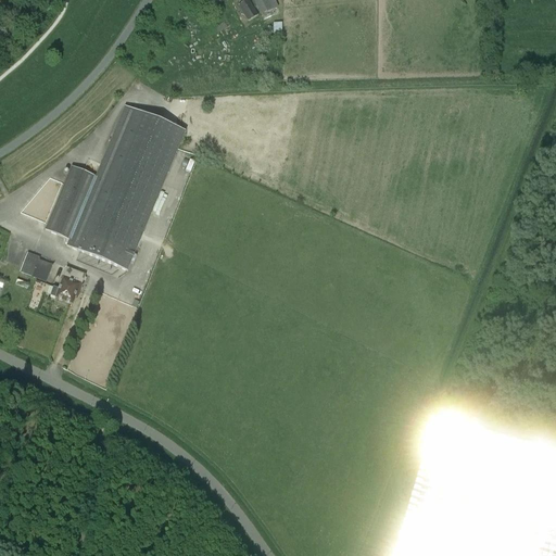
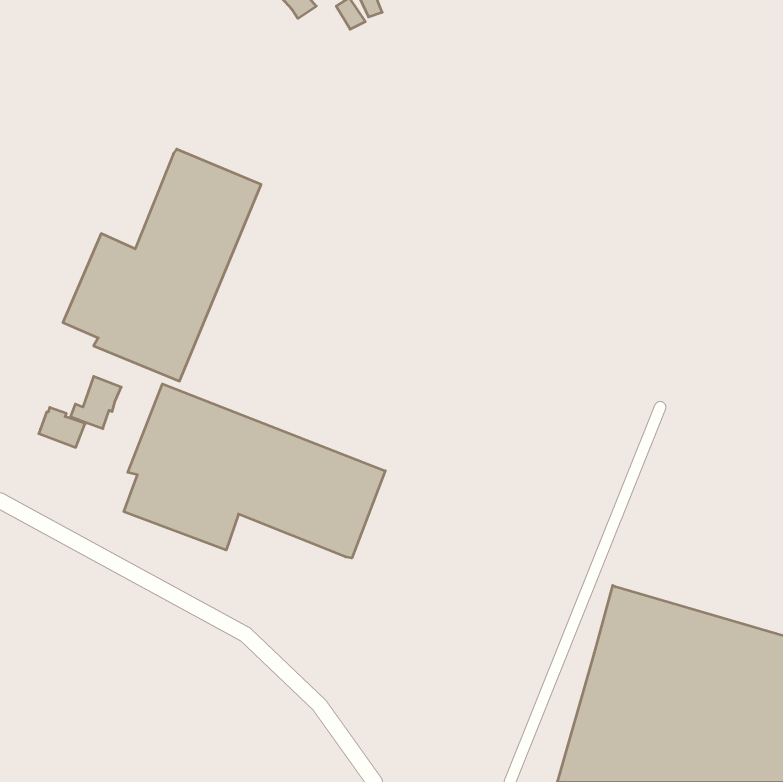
building: [21,252,53,280] -> [39,407,85,447]
building: none -> [124,384,385,558]

